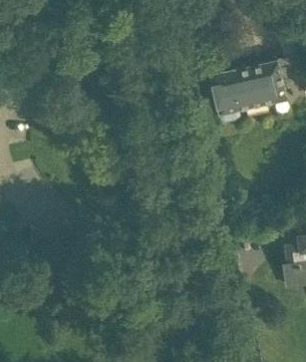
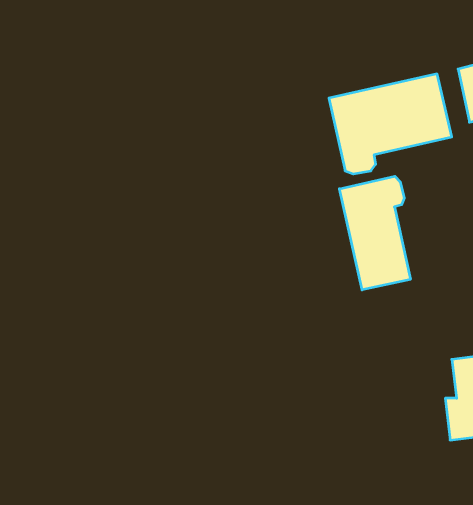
building: none -> [339,176,410,290]

